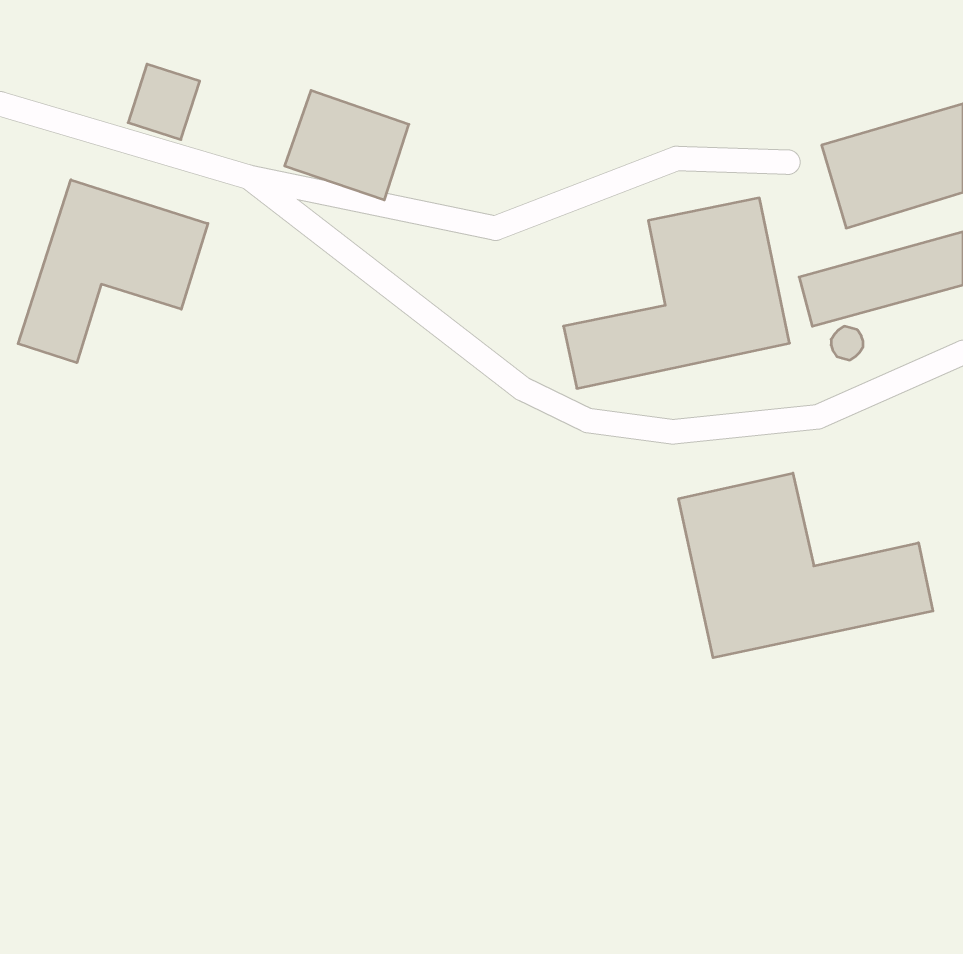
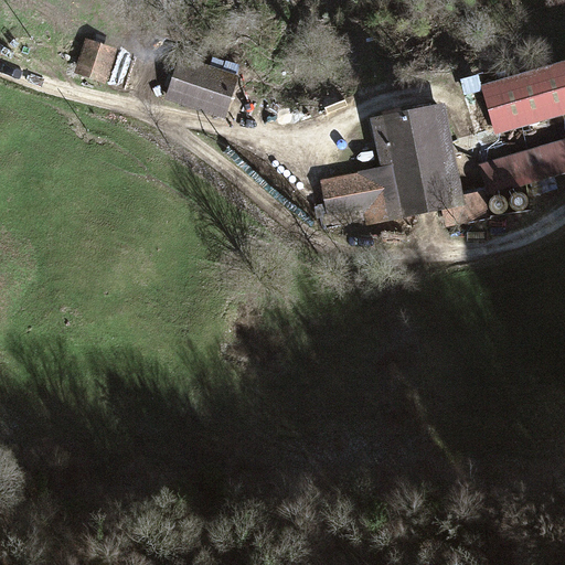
building: [18,180,208,363] -> none
building: [679,473,933,658] -> none

